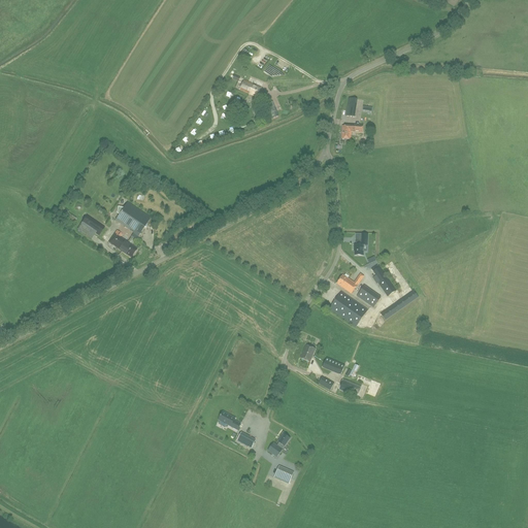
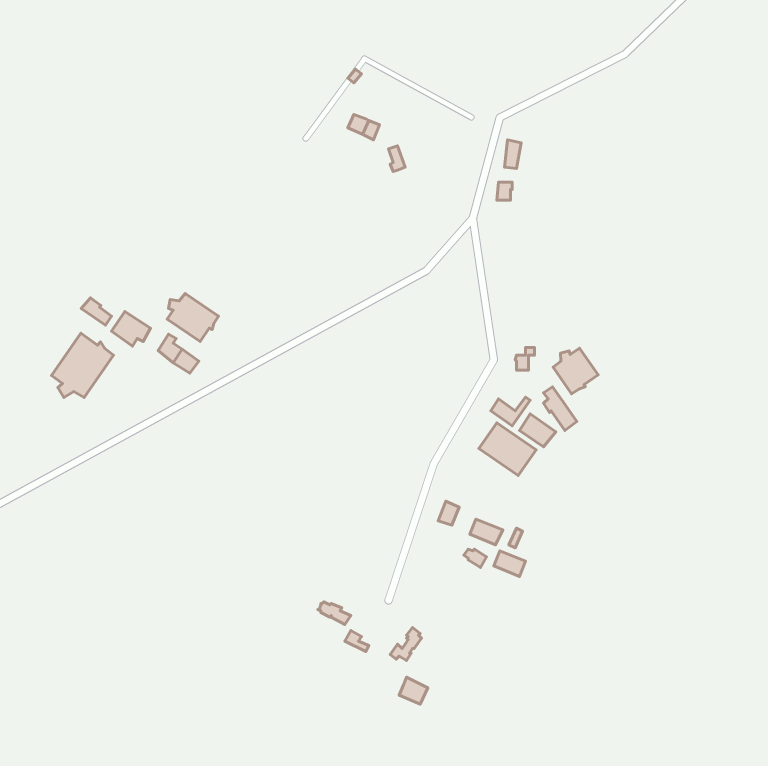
building: none -> [51,333,114,398]
building: none -> [553,348,598,394]

